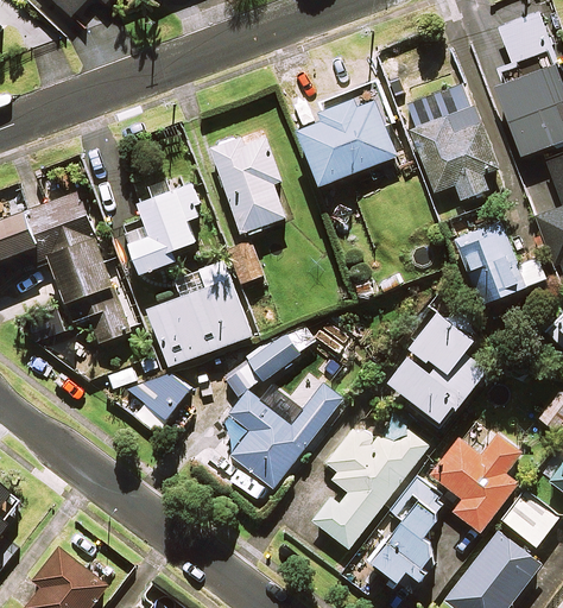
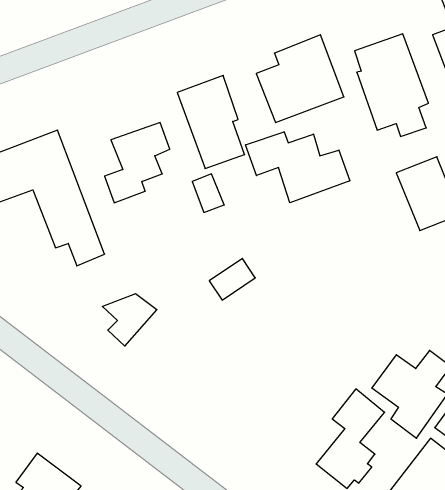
building: none -> [246,132,350,203]
building: [148,260,251,366] -> none
building: [386,310,486,423] -> none
building: [224,381,341,487] -> none
building: [312,418,429,547] -> none

